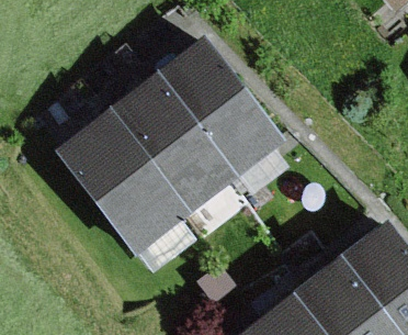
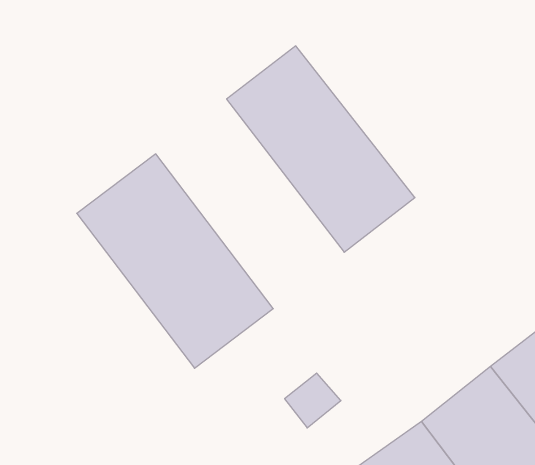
building: [111,76,239,219] -> none

